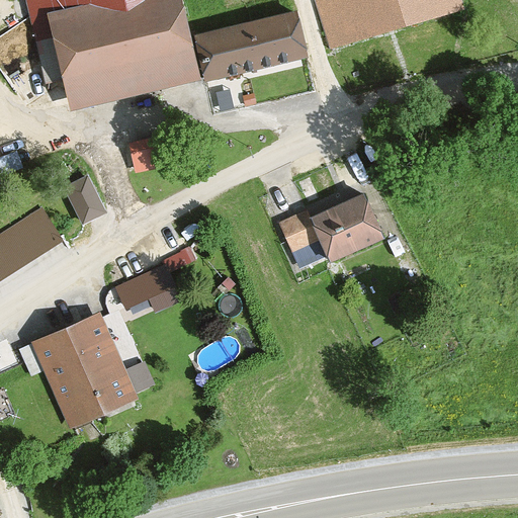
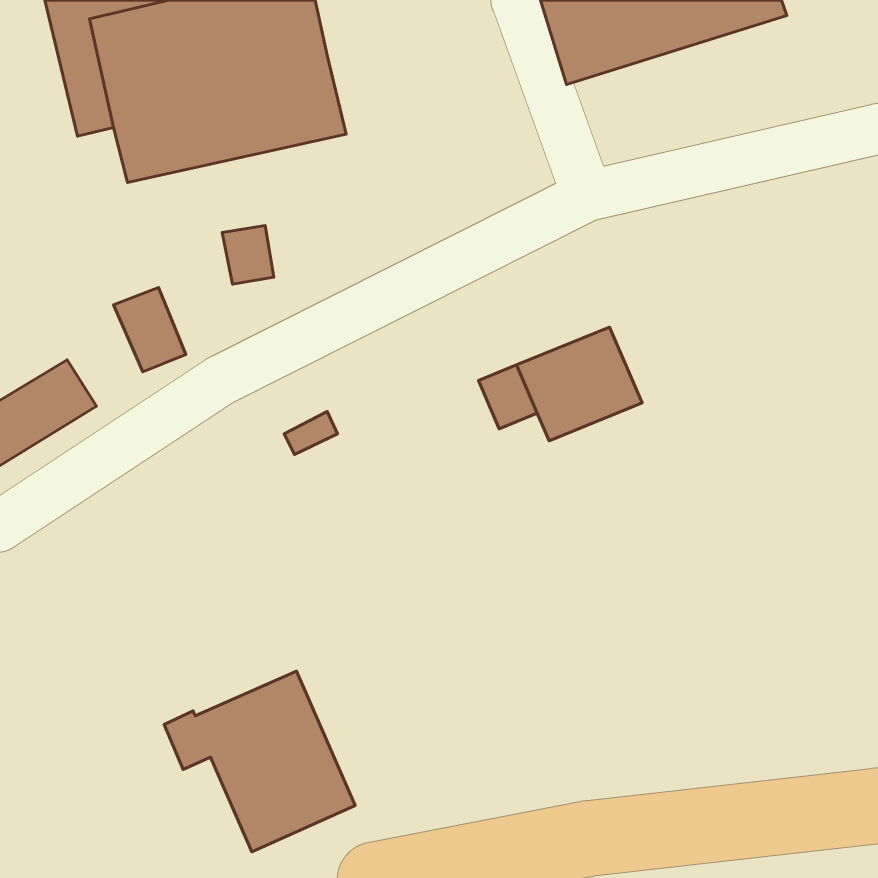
building: [192,10,306,80] -> none
building: [117,260,183,317] -> none
building: [19,319,132,425] -> [164,671,355,852]

